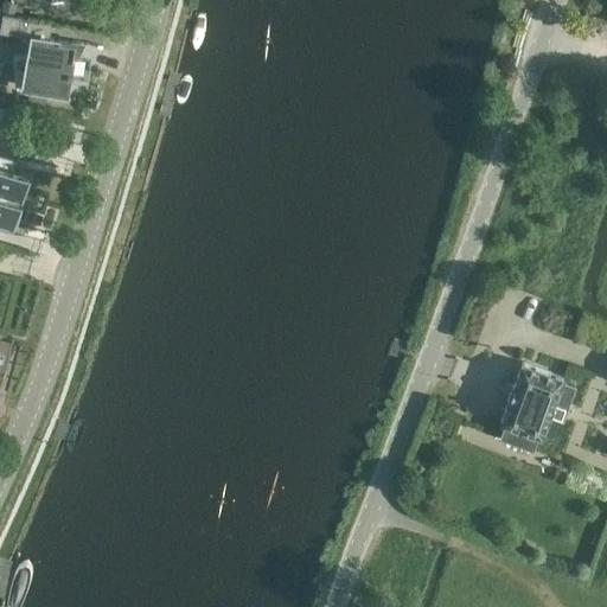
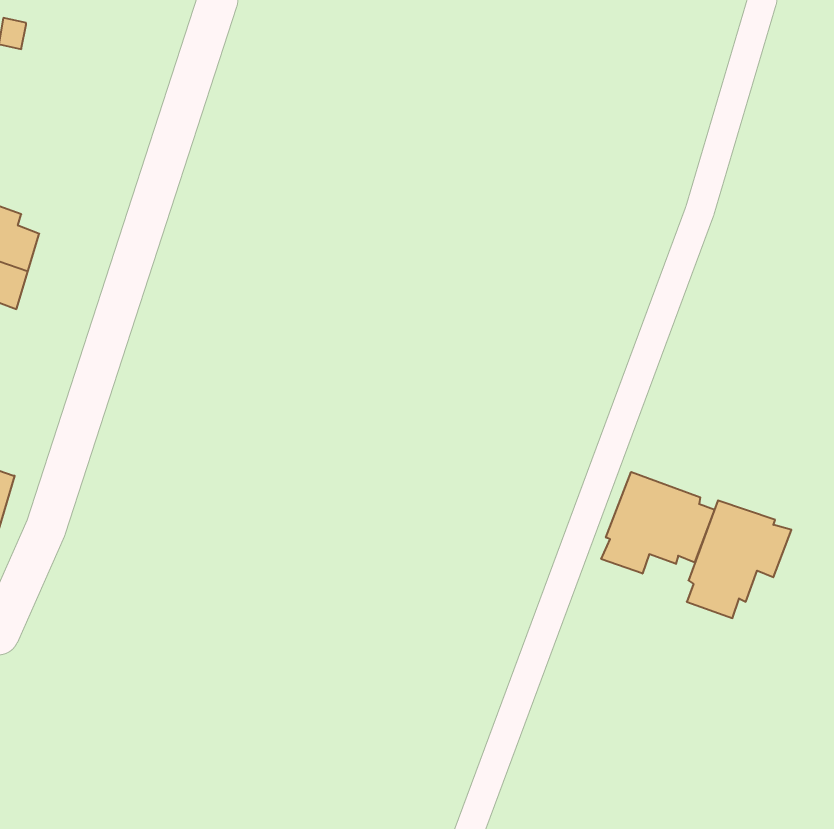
building: [21,40,78,98] -> none
building: none -> [601,472,714,574]

